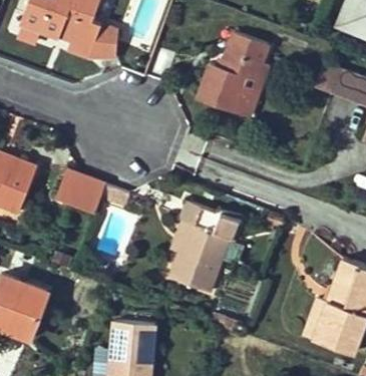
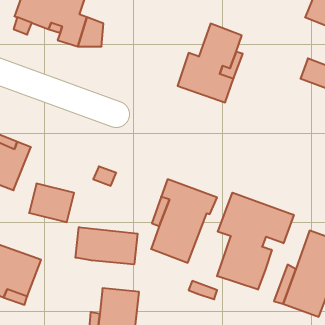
building: [56,166,105,209] -> [29,184,74,222]
building: none -> [217,193,294,290]
building: none -> [75,227,138,264]

